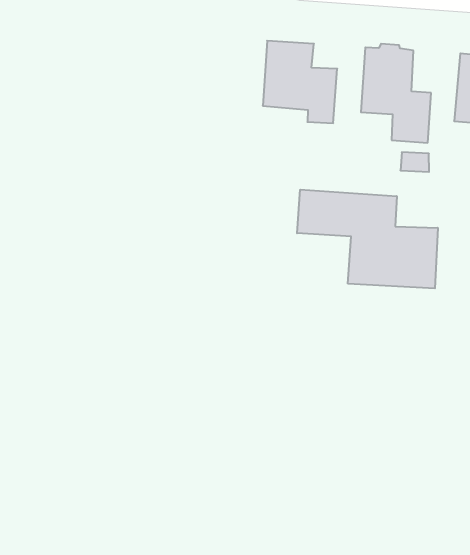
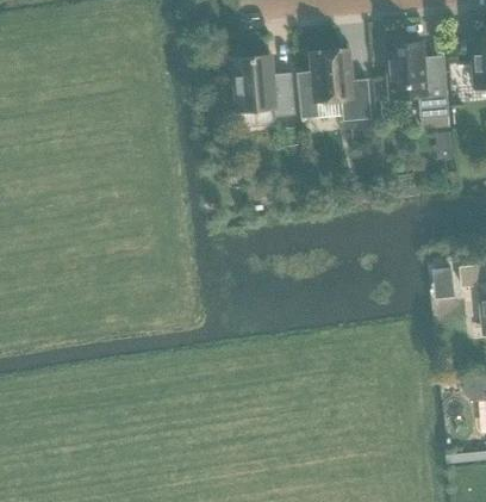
building: [297,190,438,288] -> none

